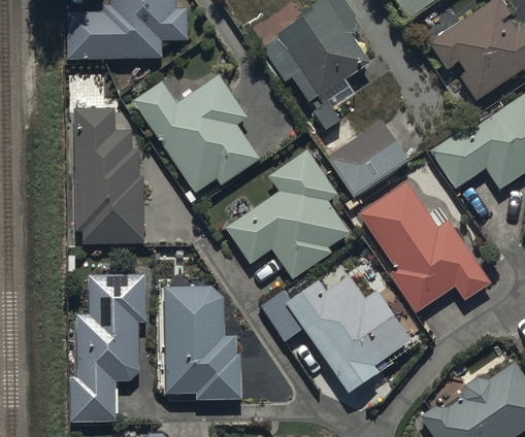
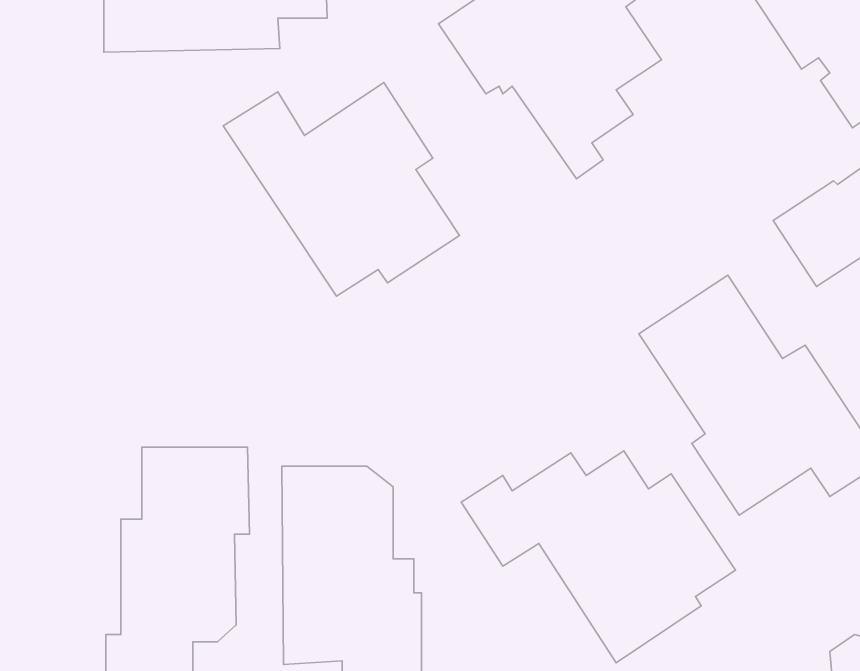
building: [70,108,143,244] -> none
building: [316,120,408,198] -> none
building: [225,147,351,280] -> none

